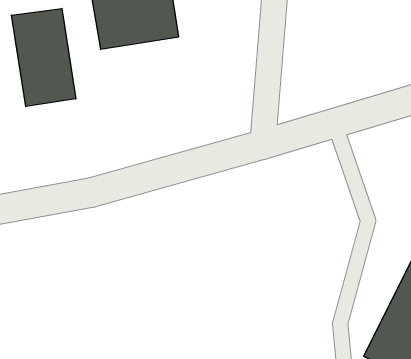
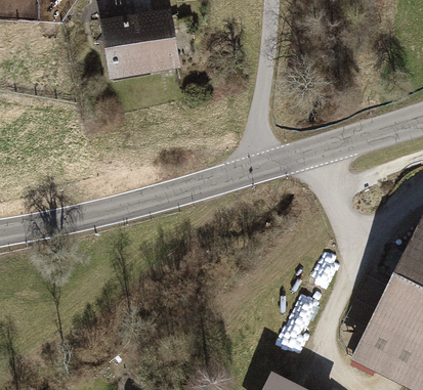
building: [12,8,76,107] -> none

